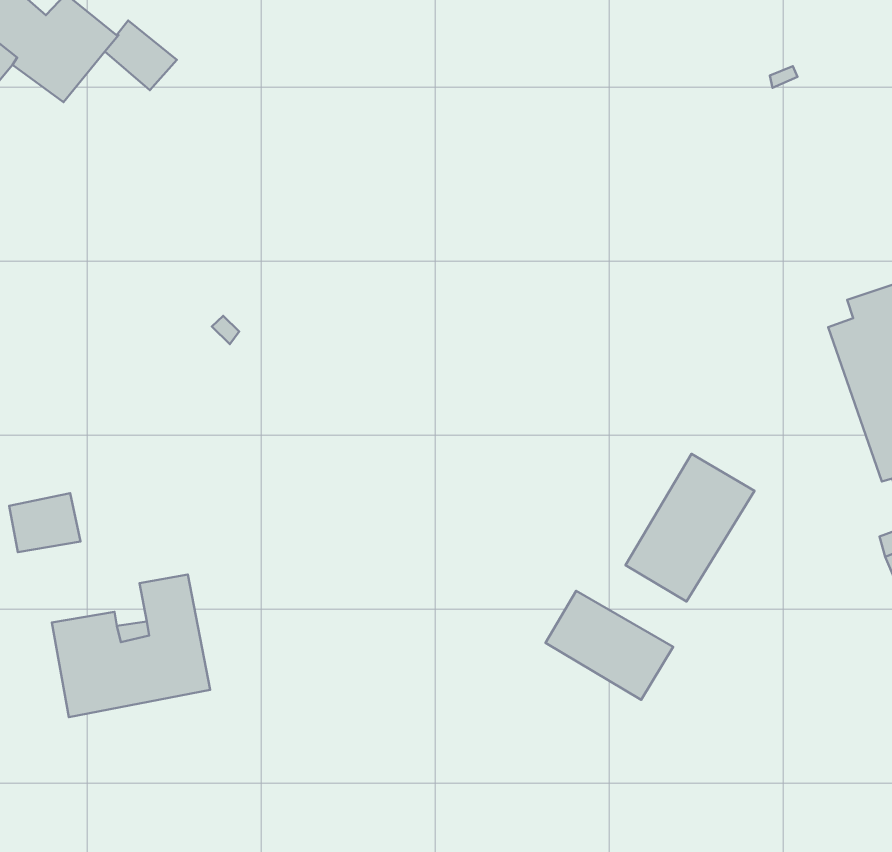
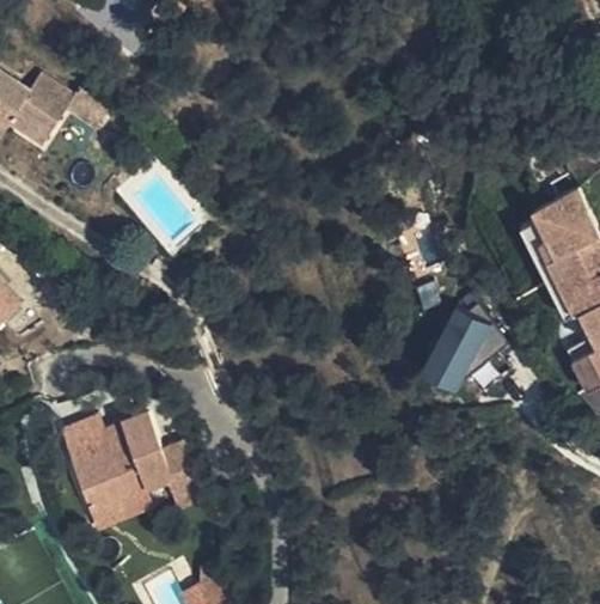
building: [9,493,80,552] -> [67,419,112,458]
building: [545,591,673,700] -> none

